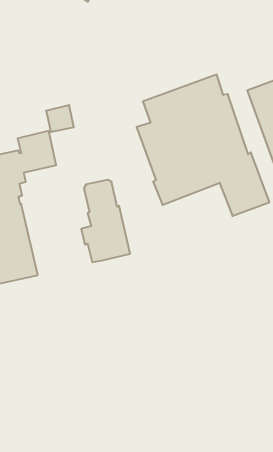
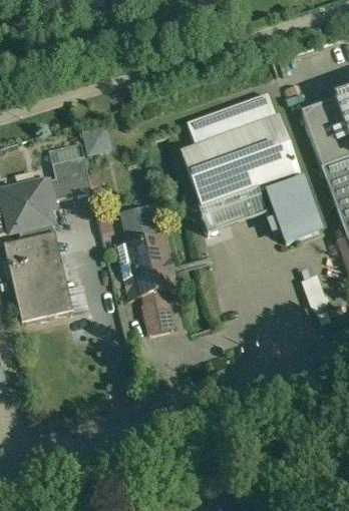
building: none -> [142,288,173,330]

